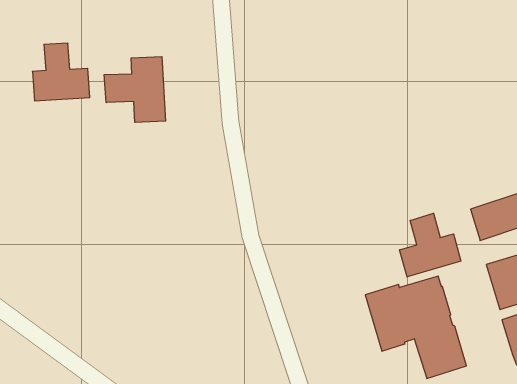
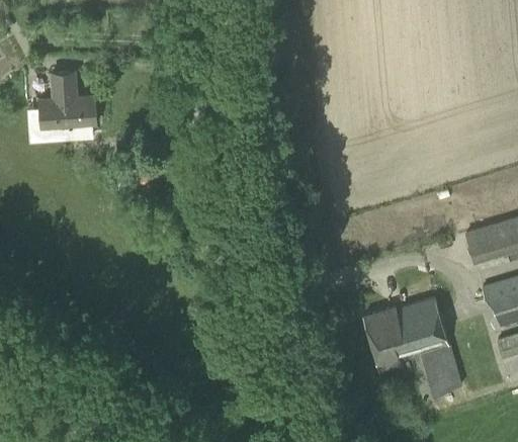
building: [104,57,166,122] -> none
building: [400,213,461,277] -> none

